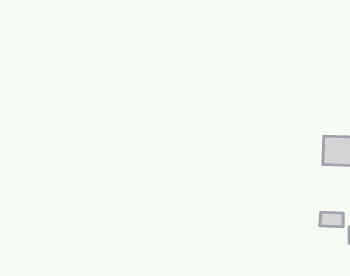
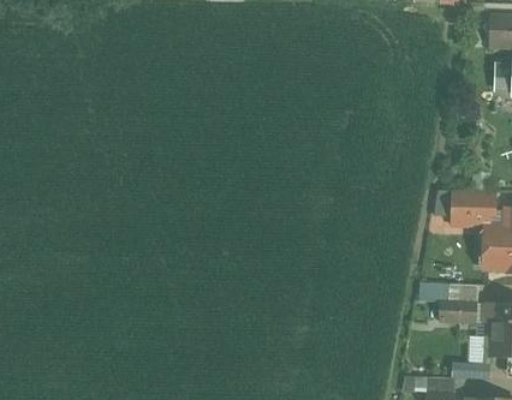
building: none -> [437,300,476,322]

